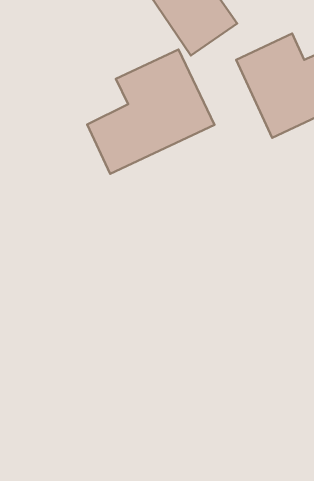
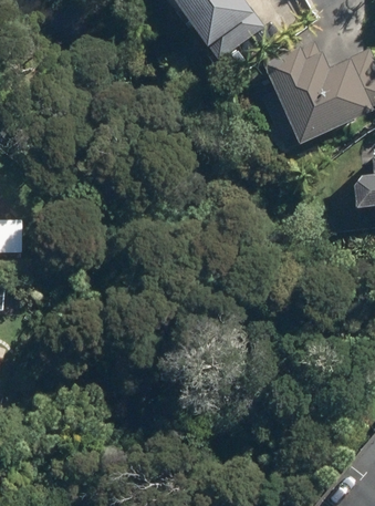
building: [87,50,214,174] -> none

